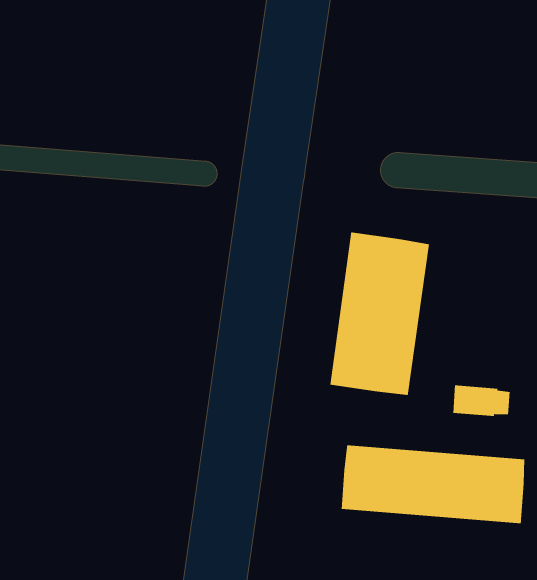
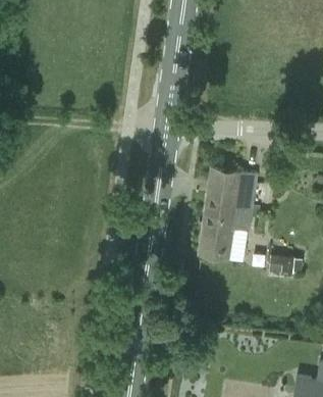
building: [341,444,525,524] -> none

